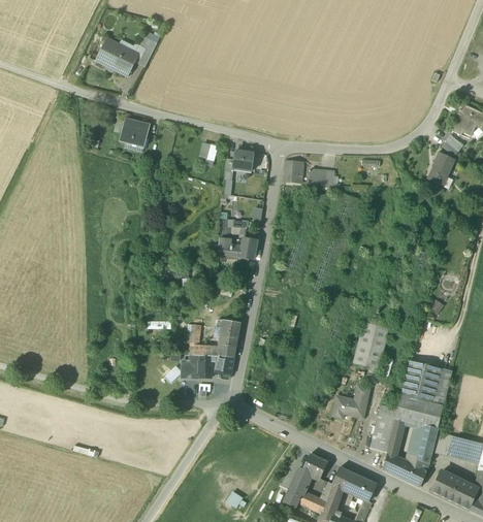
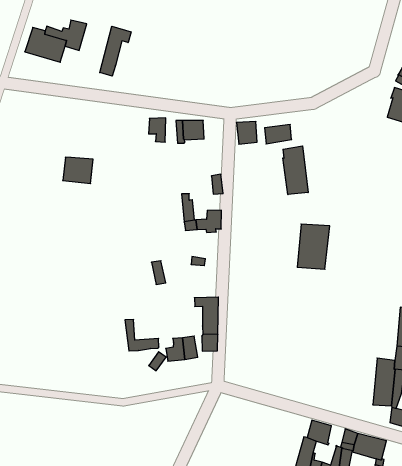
building: none -> [100,26,131,76]
building: [119,119,151,148] -> [63,157,93,184]
building: none -> [283,146,308,195]
building: [191,324,221,356] -> [125,320,159,351]
building: [350,324,387,370] -> [297,224,330,269]
building: [332,384,369,418] -> none

